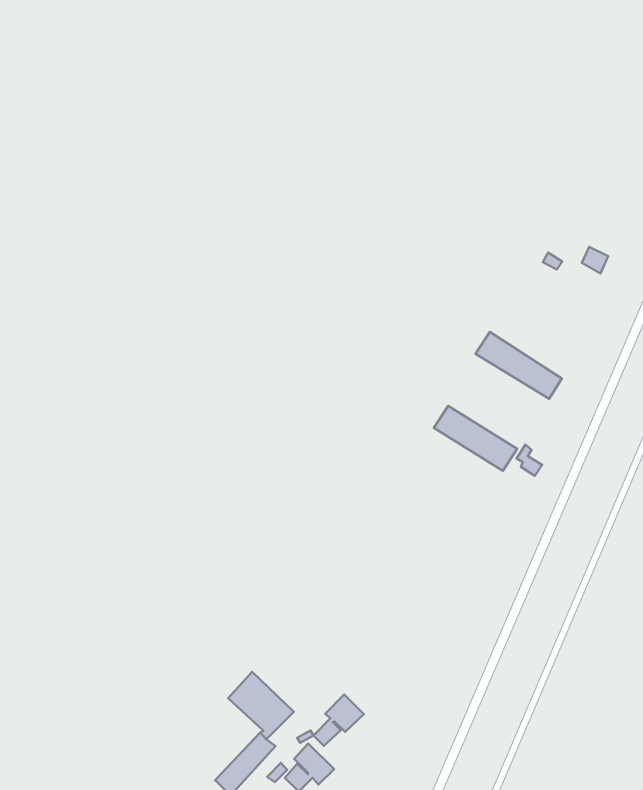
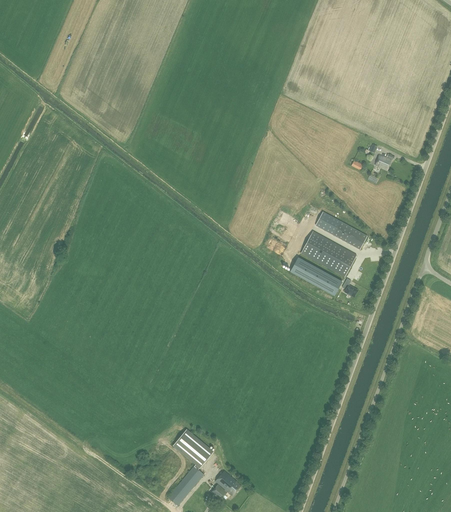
building: none -> [301,231,357,277]
building: [313,694,364,746] -> none

